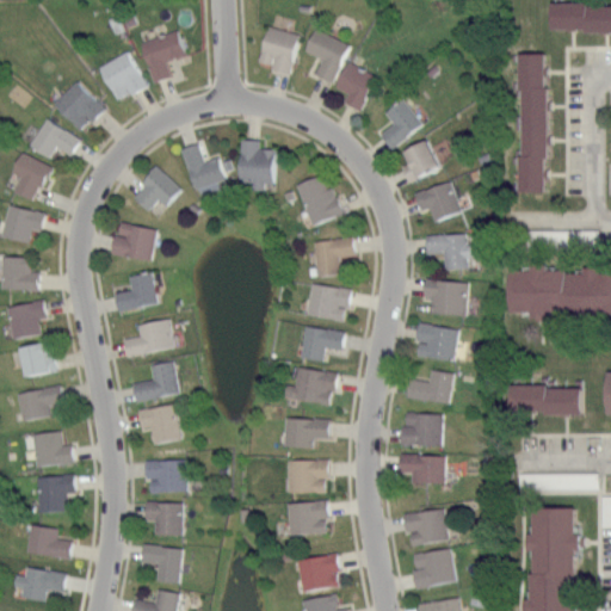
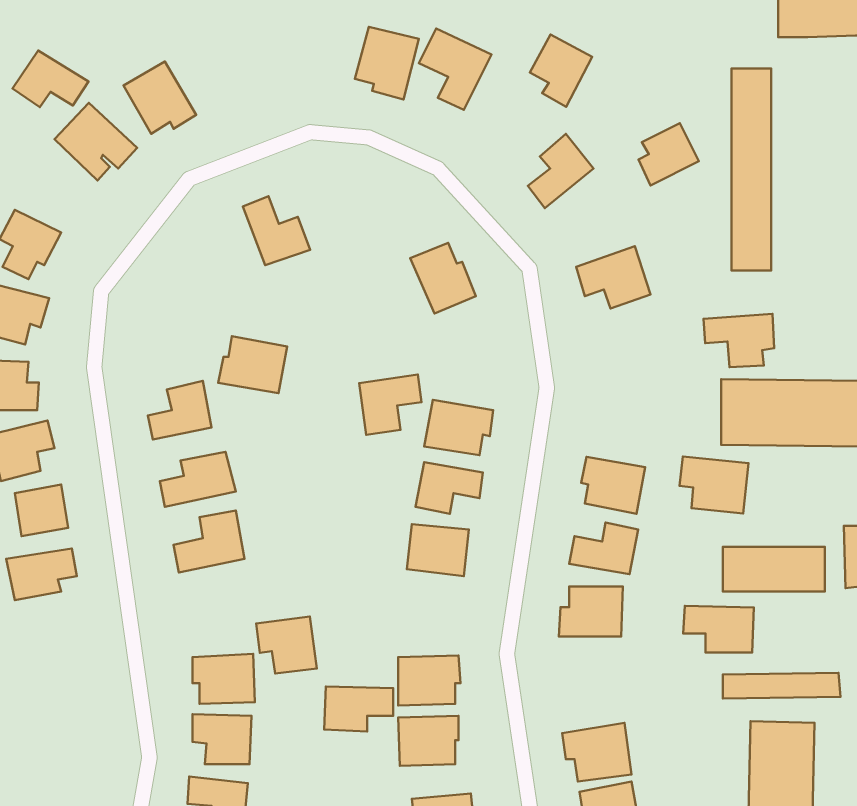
building: [140,31,186,84] -> none
building: [334,62,377,112] -> [530,34,592,107]
building: [30,119,82,159] -> [12,50,88,107]
building: [239,141,276,192] -> none
building: [399,142,440,185] -> [638,123,699,185]
building: [132,167,181,211] -> none
building: [111,222,159,261] -> [218,336,287,393]
building: [426,234,475,271] -> [703,314,774,367]
building: [313,236,356,278] -> [359,375,421,435]
building: [421,277,469,316] -> [679,456,748,513]
building: [138,405,180,444] -> [256,617,317,674]
building: [284,420,332,451] -> [324,686,393,731]
building: [31,432,74,467] -> none
building: [396,453,445,486] -> [683,606,754,652]
building: [36,474,78,514] -> none
building: [25,525,73,558] -> none

